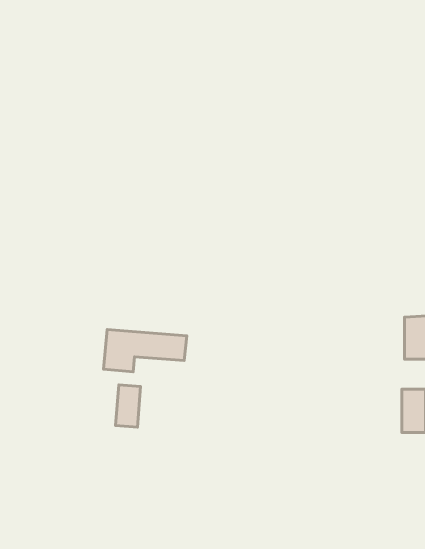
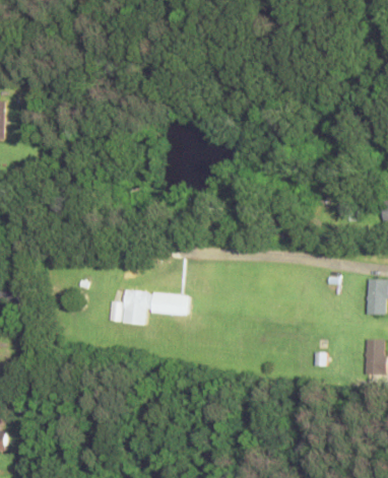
building: [115,385,141,427] -> none

